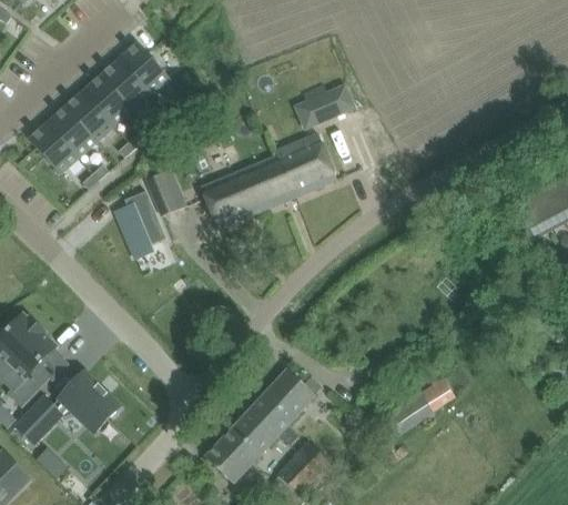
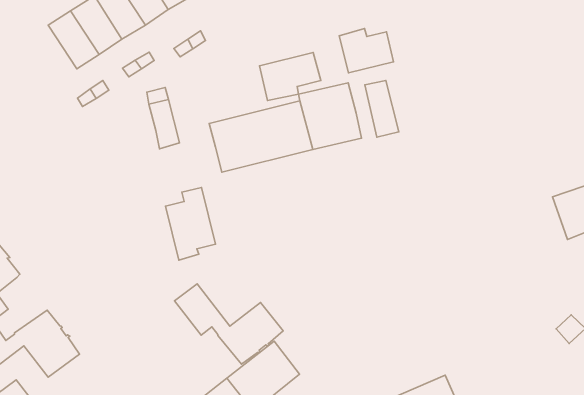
building: none -> [260,53,321,101]
building: [28,123,77,174] -> none
building: none -> [365,81,399,137]
building: [115,191,164,257] -> [166,188,215,260]
building: none -> [174,284,283,364]

